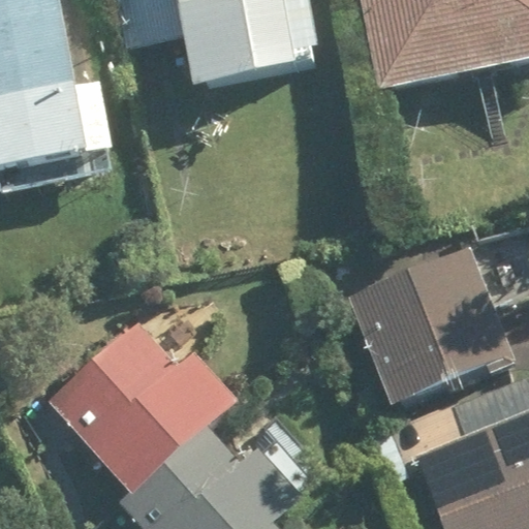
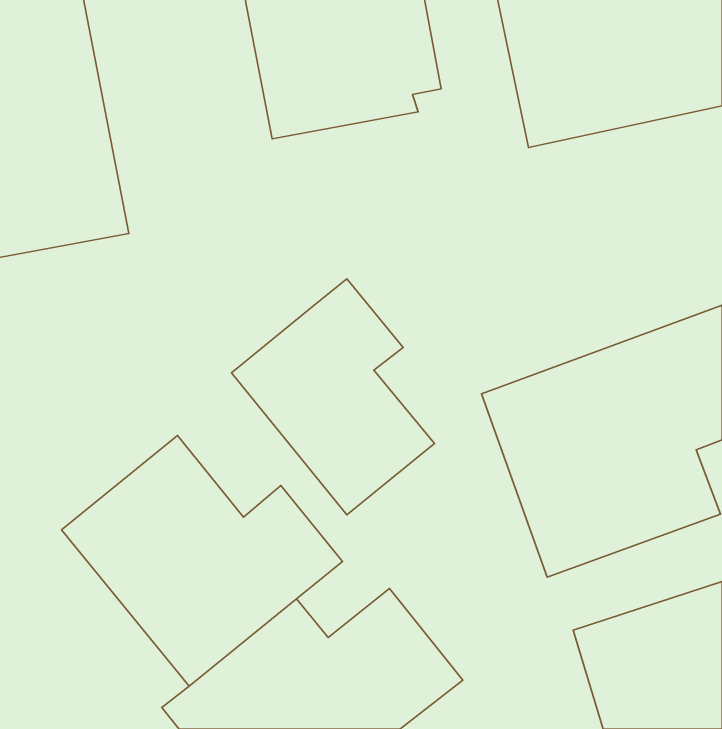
building: none -> [231,279,434,515]

